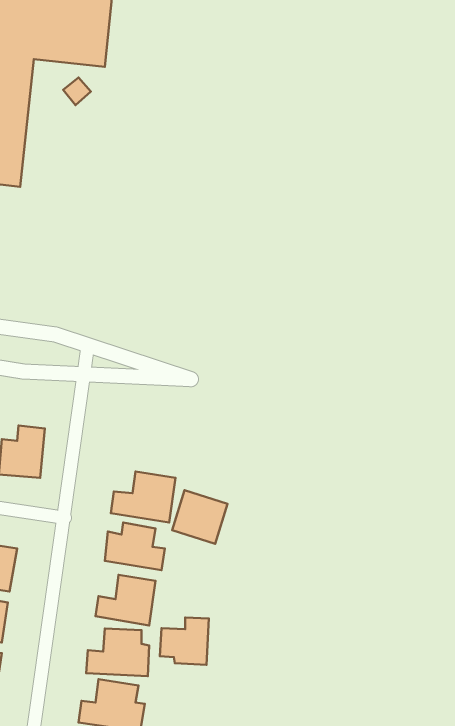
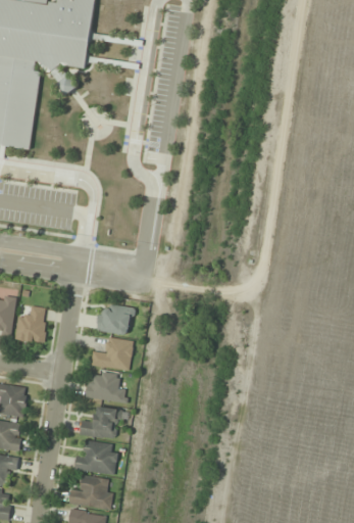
building: [172,490,228,544] -> [97,301,134,337]
building: [160,618,209,665] -> none

